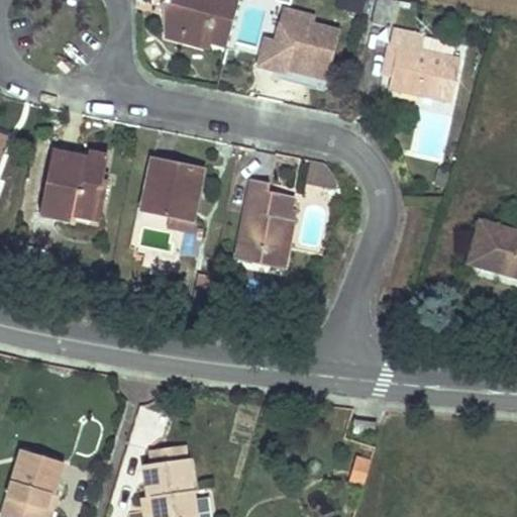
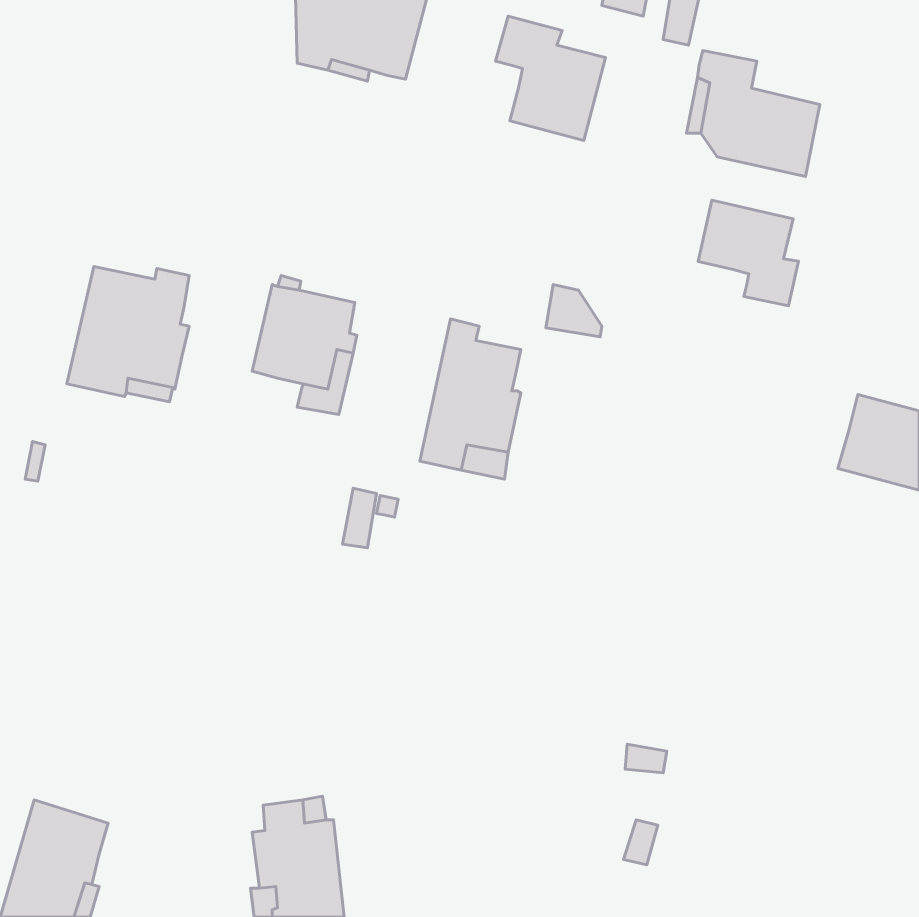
building: [261,32,293,69] -> none
building: none -> [698,200,798,306]

